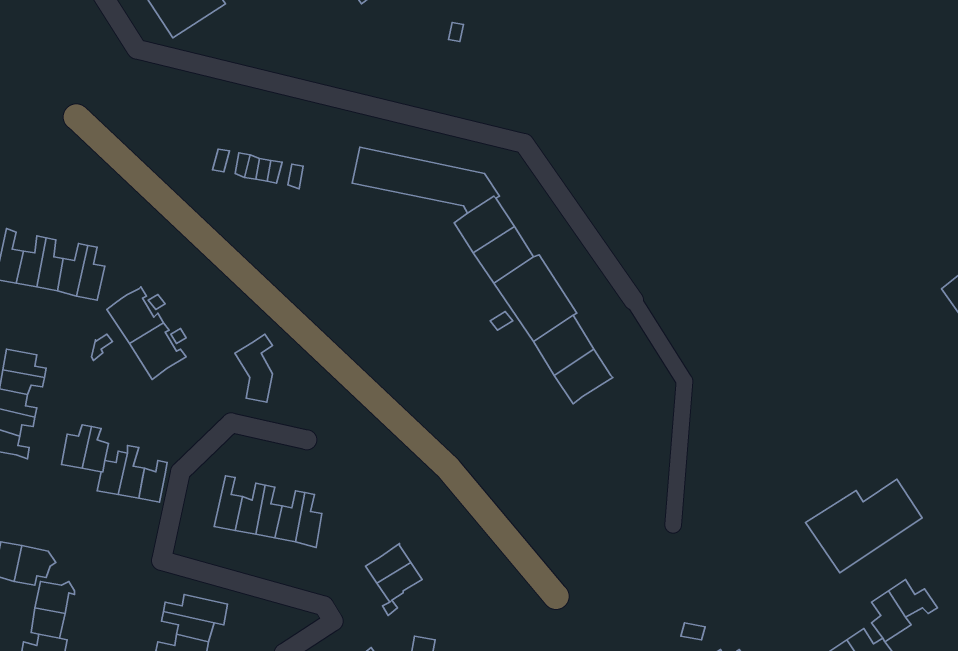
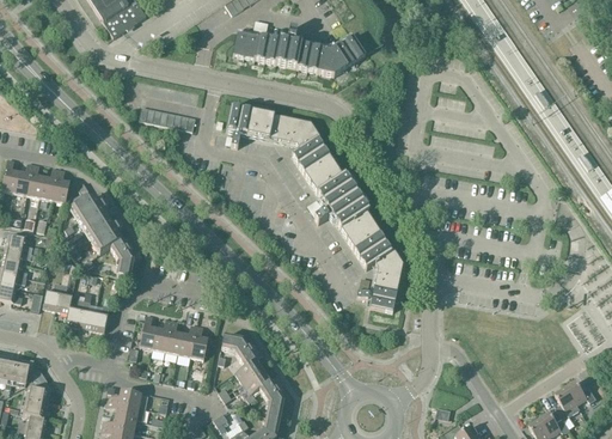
building: none -> [233,31,366,74]
building: [235,334,272,402] -> [110,233,134,276]
building: none -> [367,248,403,310]
building: [805,479,922,573] -> none
building: none -> [221,334,264,365]
building: none -> [259,374,284,417]

